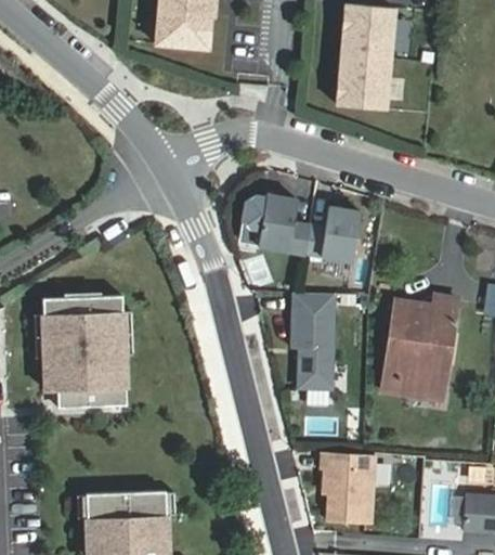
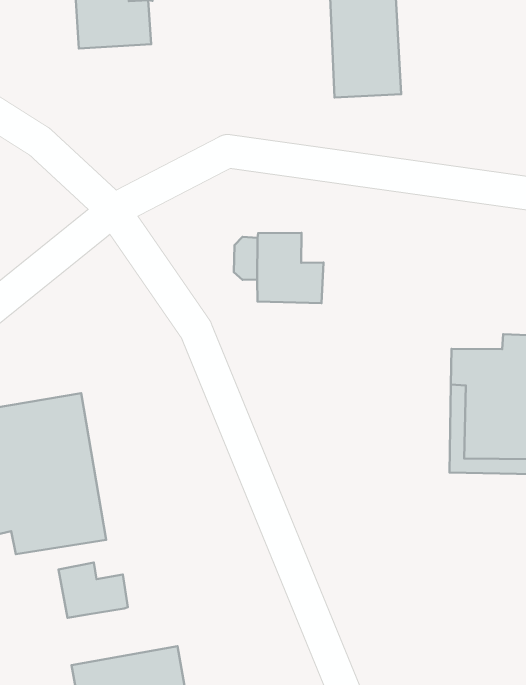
building: [305,207,367,262] -> none
building: [291,292,335,388] -> none
building: none -> [58,562,128,618]
building: [321,451,373,524] -> none

